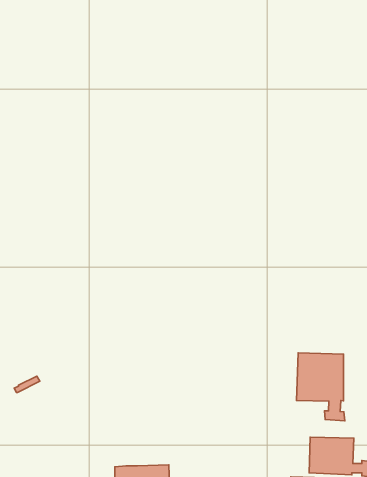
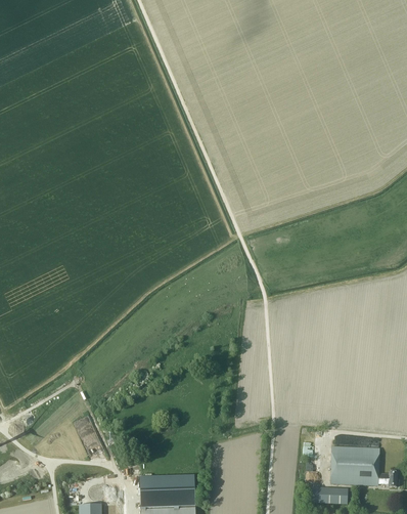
building: [296,353,345,421] -> none

